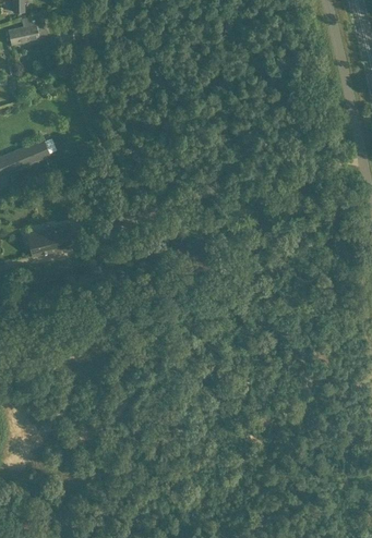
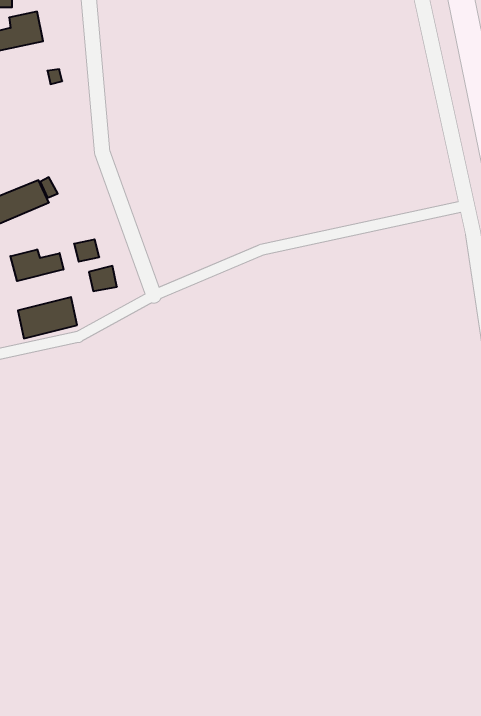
building: none -> [10,249,63,281]

